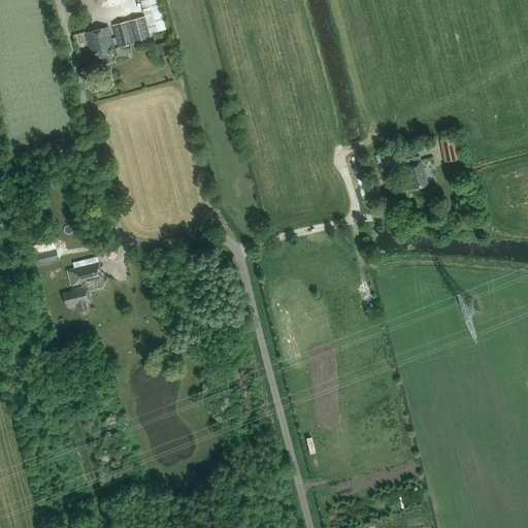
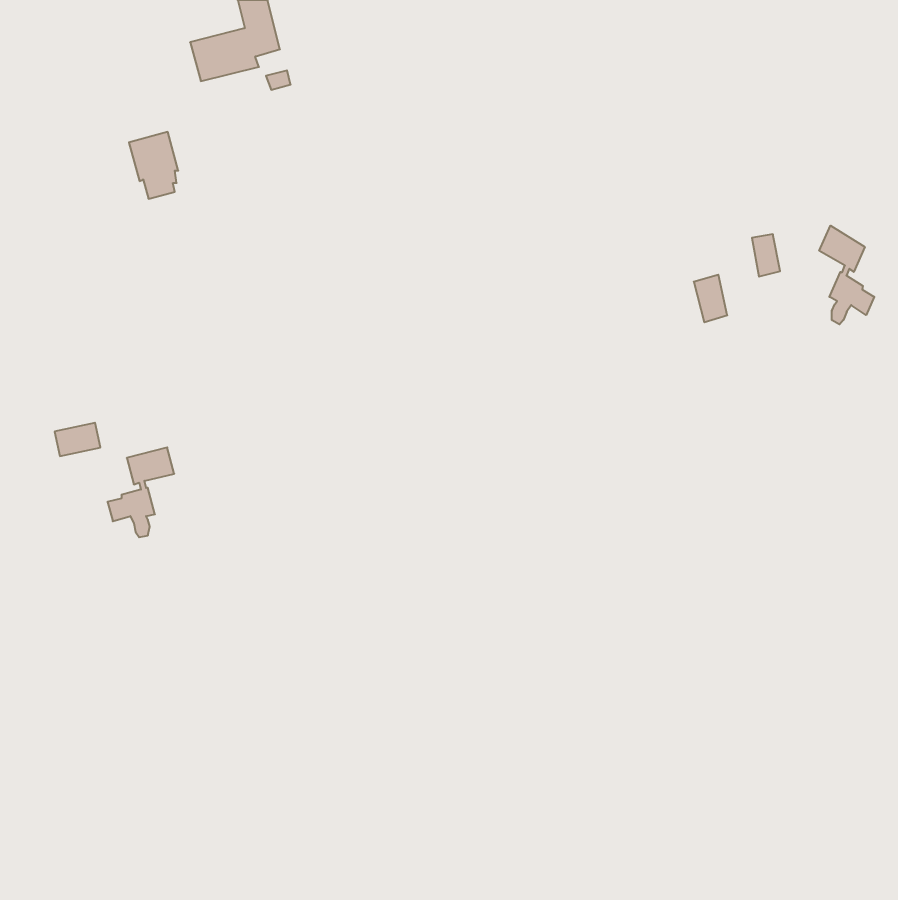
building: [85,26,113,65] -> [129,132,178,199]
building: none -> [819,226,874,324]

